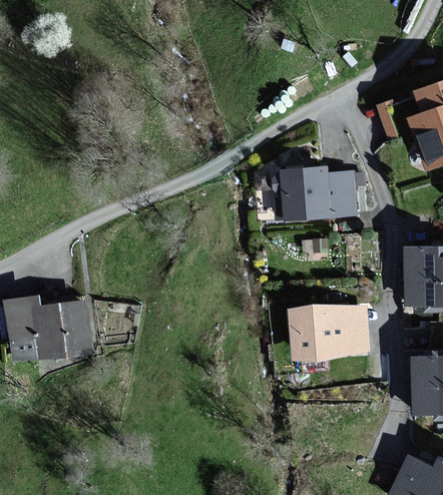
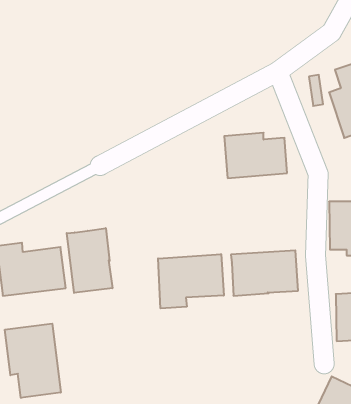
building: none -> [67,228,112,293]
building: none -> [158,254,224,308]
building: none -> [5,324,61,398]

